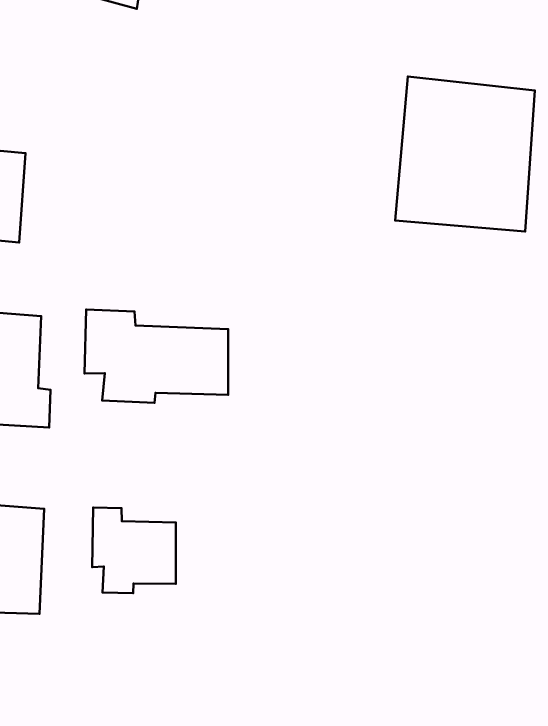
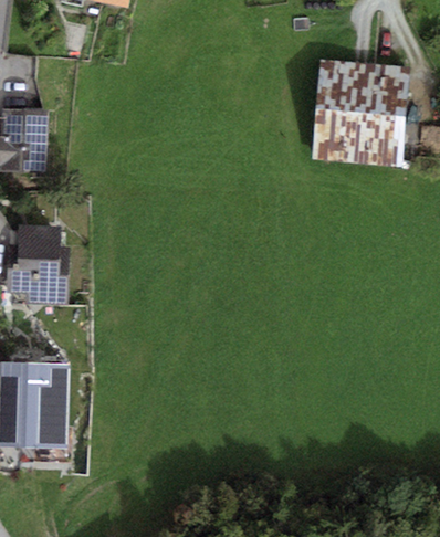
building: [84,310,228,403] -> none
building: [92,507,176,593] -> none

